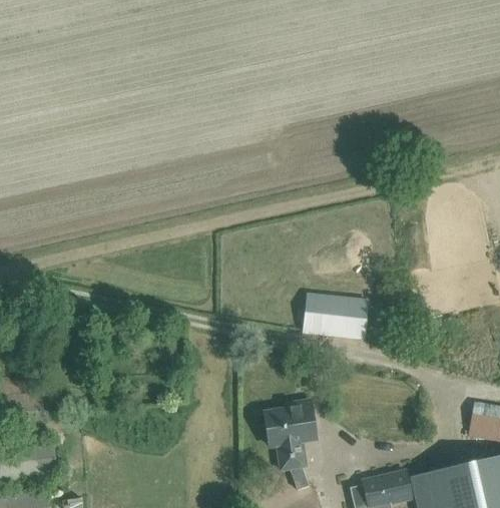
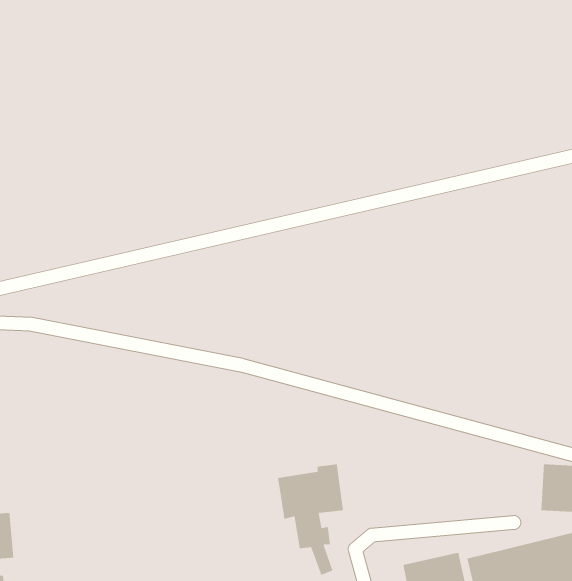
building: [303,295,367,339] -> none

